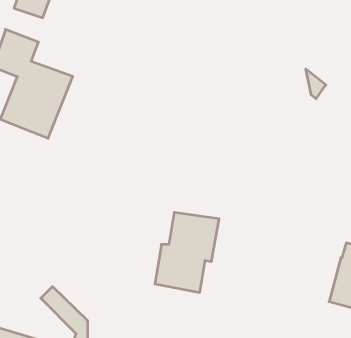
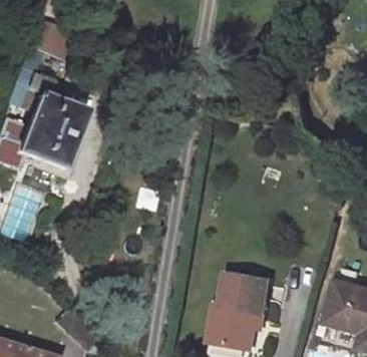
building: [155,212,219,292] -> [211,274,271,349]

